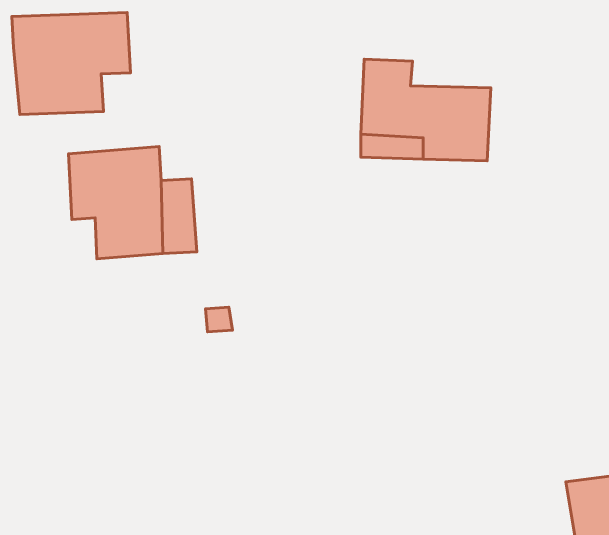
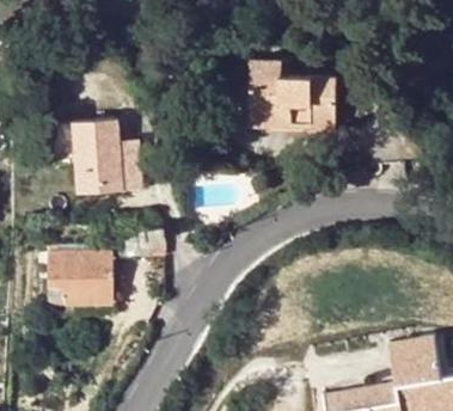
building: [12,12,130,114] -> none
building: none -> [47,246,114,305]

